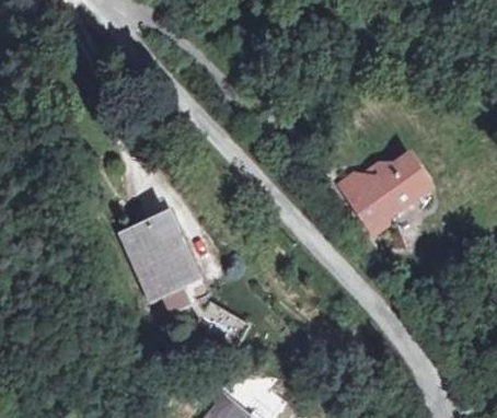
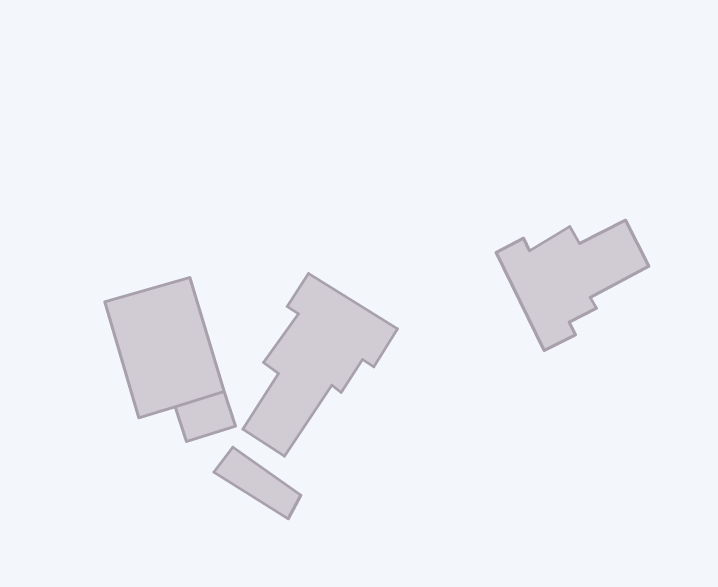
building: none -> [243,274,398,456]

